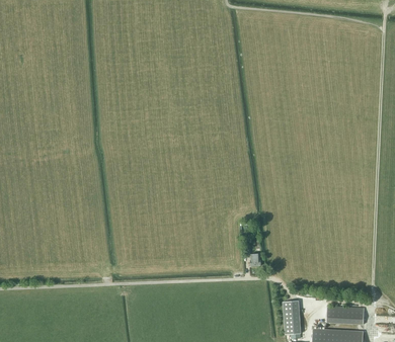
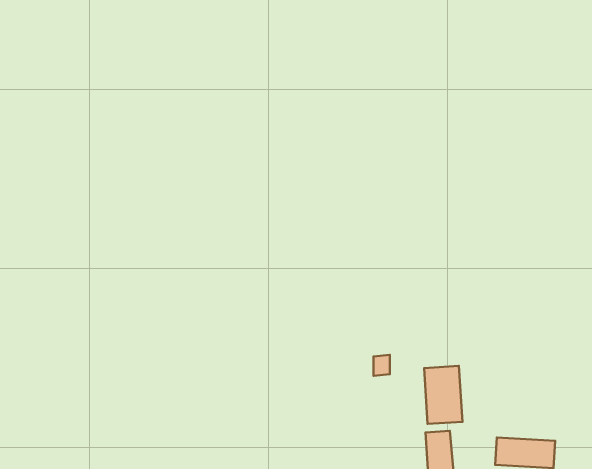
building: none -> [424,366,462,424]

